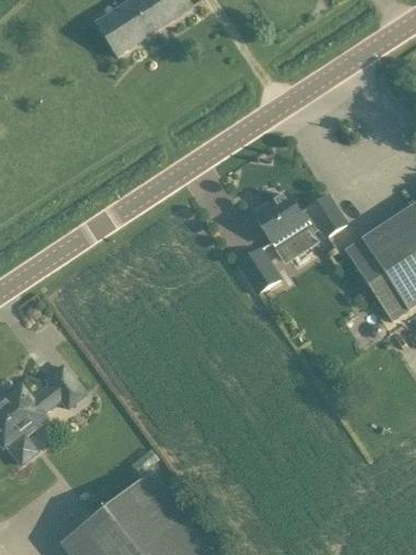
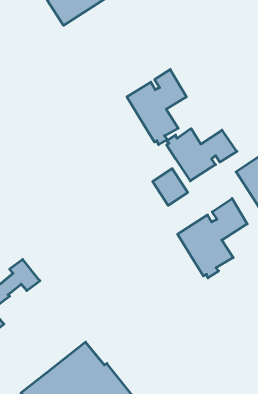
building: none -> [127,69,186,145]
building: none -> [178,198,247,278]

